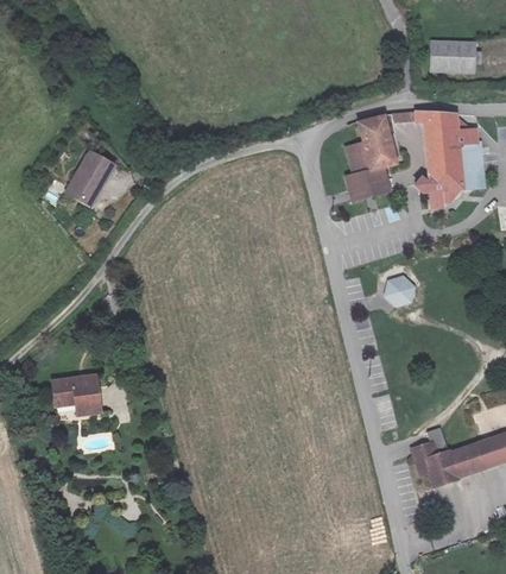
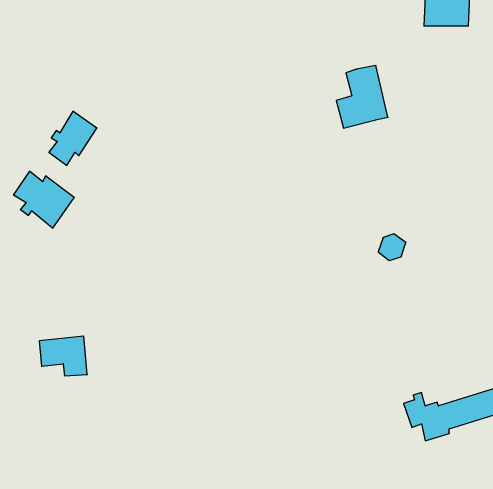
building: [396,109,483,207] -> none
building: [346,165,391,201] -> none
building: none -> [14,171,74,228]

